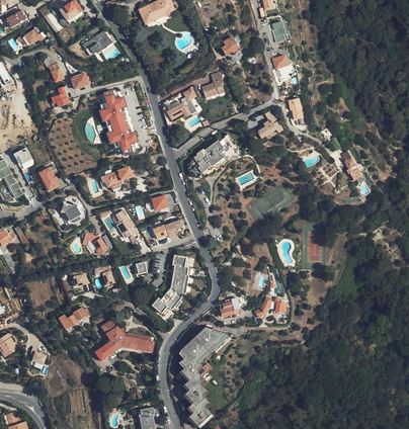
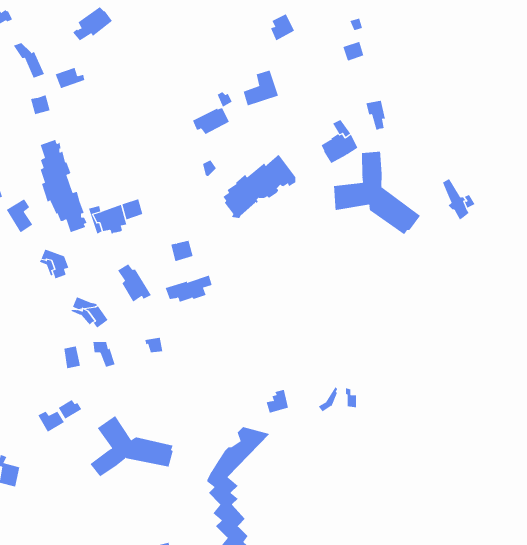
building: [102,89,136,155] -> [40,139,88,233]
building: none -> [334,151,421,235]
building: [152,255,187,317] -> none

